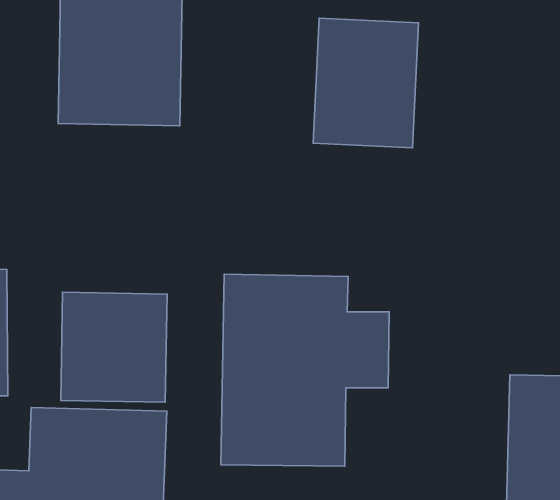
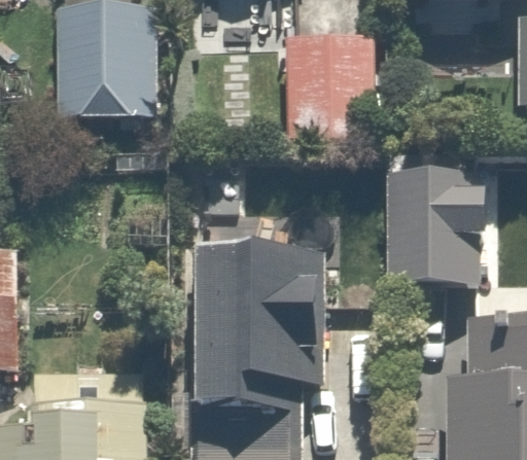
building: none -> [390,181,489,296]
building: [61,292,167,402] -> none

